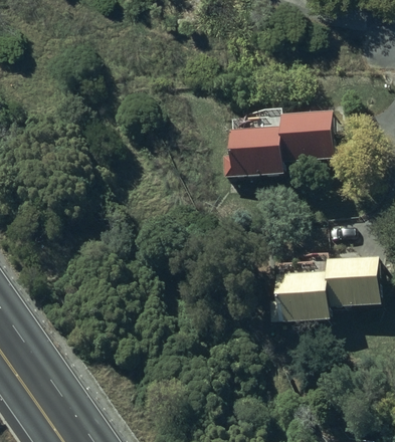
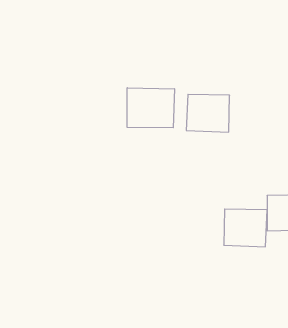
building: [288,119,338,161] -> none
building: none -> [127,88,174,128]

